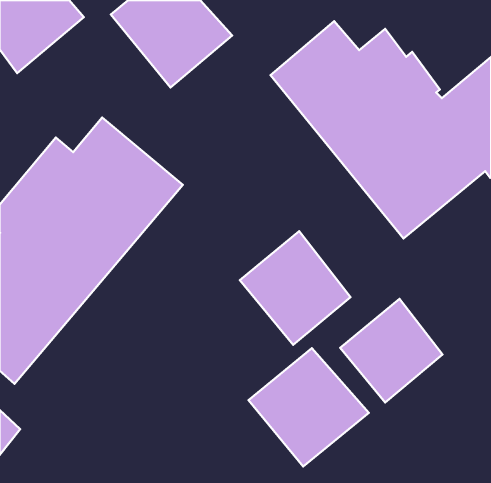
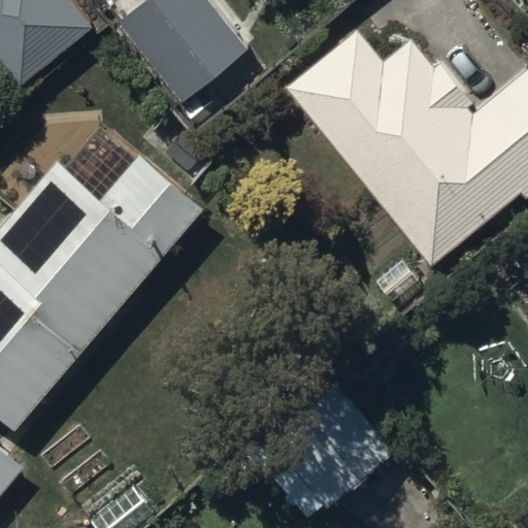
building: [240,231,350,345] -> none
building: [340,299,442,402] -> none

